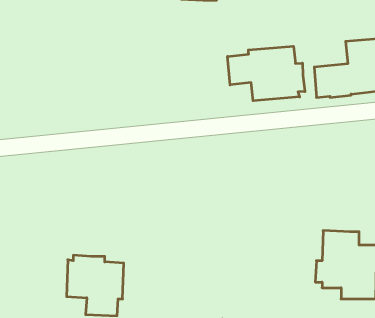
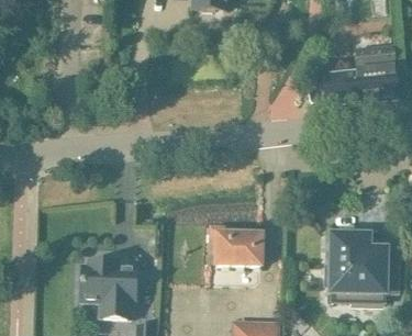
building: [228,46,305,101] -> none
building: none -> [212,225,261,262]

